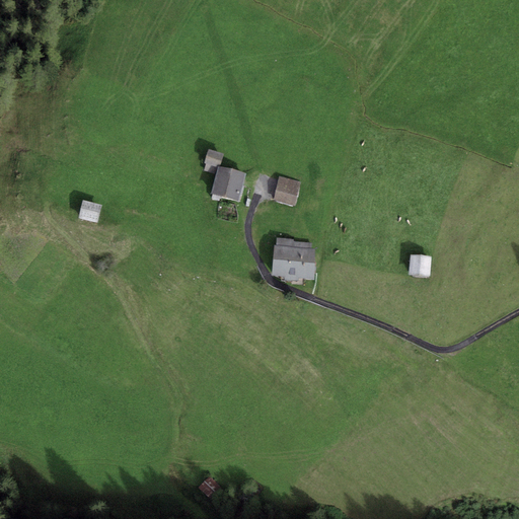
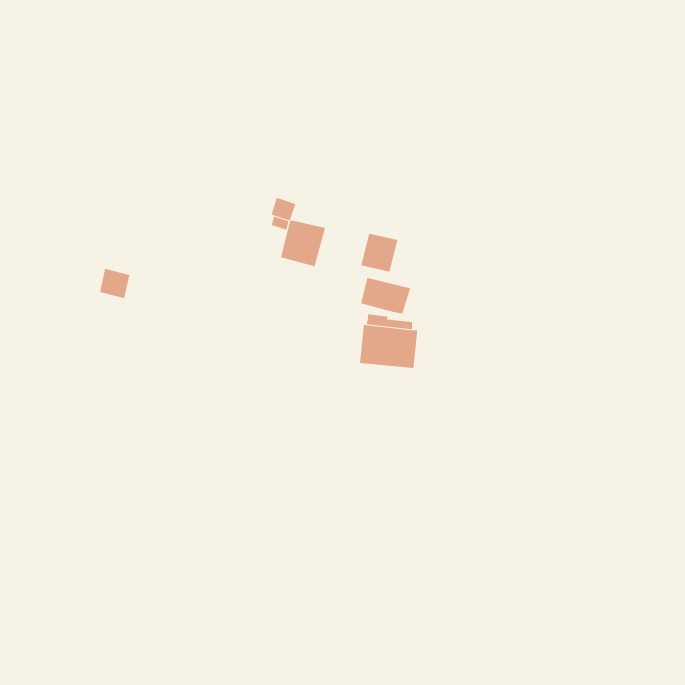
building: none -> [361,277,411,314]
building: [410,254,431,277] -> none

